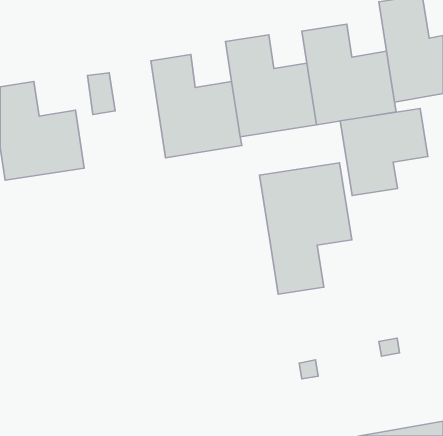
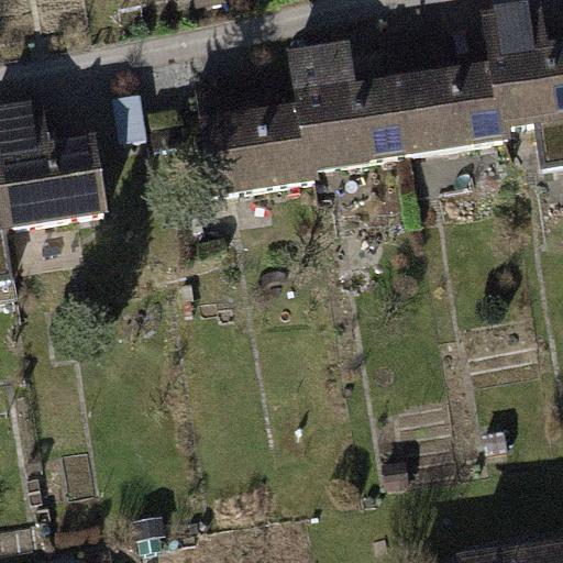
building: [340,109,428,195] -> none
building: [260,163,352,294] -> none

